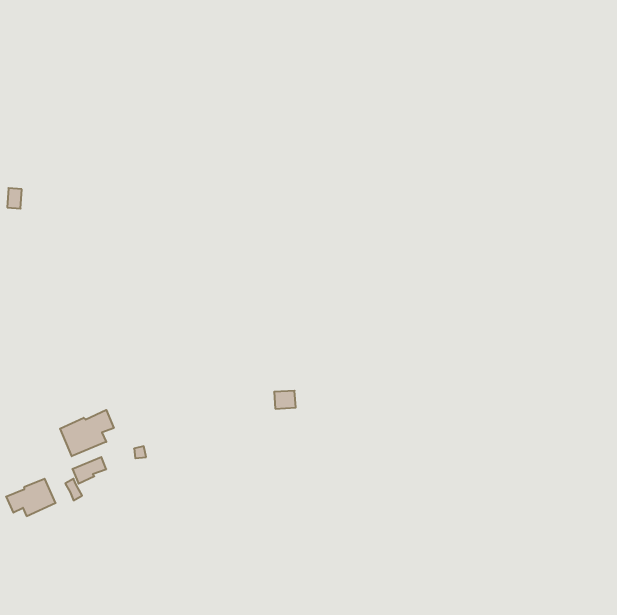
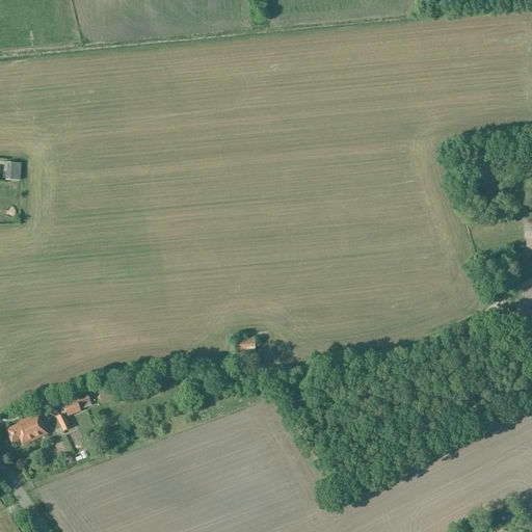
building: [60,410,114,456] -> none

